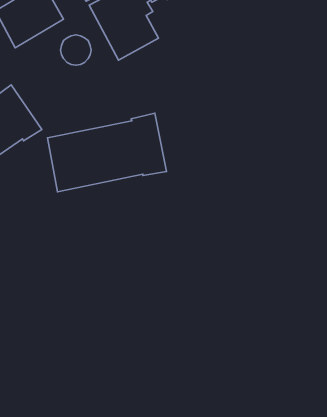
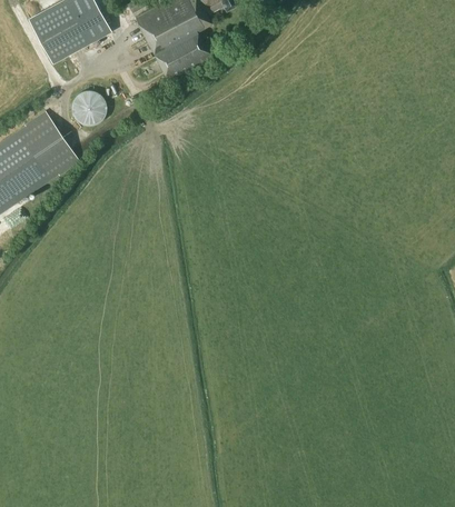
building: [61,35,91,65] -> [72,89,108,125]
building: [47,113,166,192] -> none

